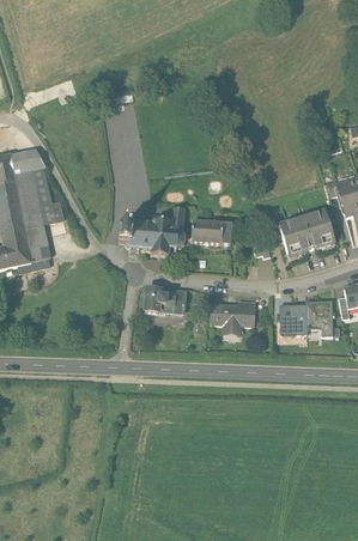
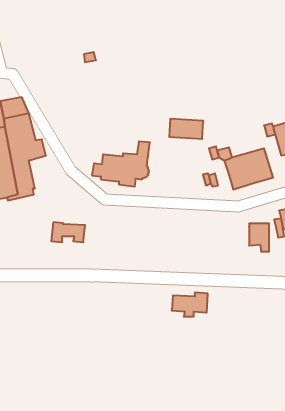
building: [192,219,232,243] -> [169,119,203,139]
building: [146,285,187,309] -> [51,222,85,242]
building: [212,299,255,328] -> [172,293,208,317]
building: [280,303,308,332] -> none

